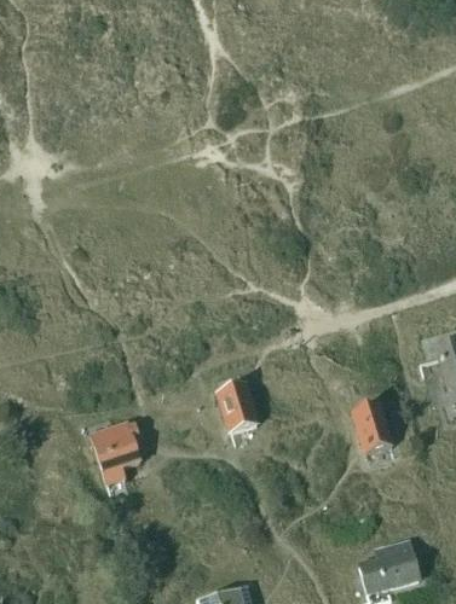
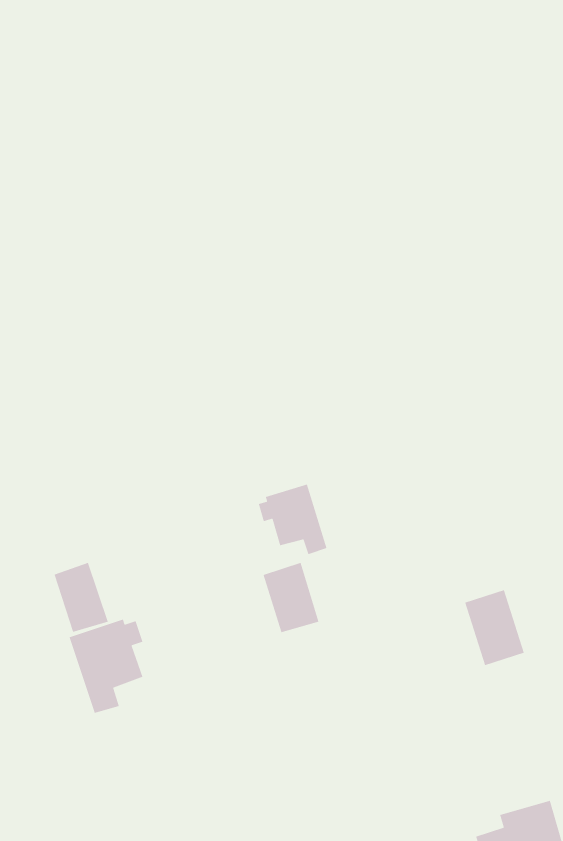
building: none -> [258,483,327,555]
building: none -> [53,562,109,633]

